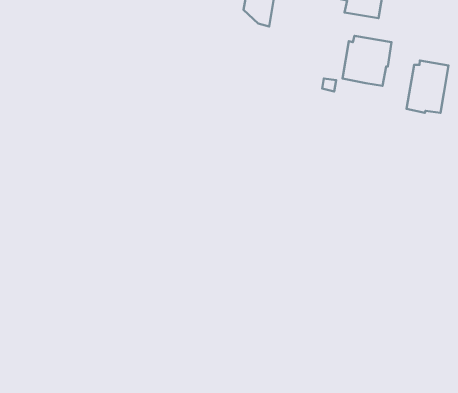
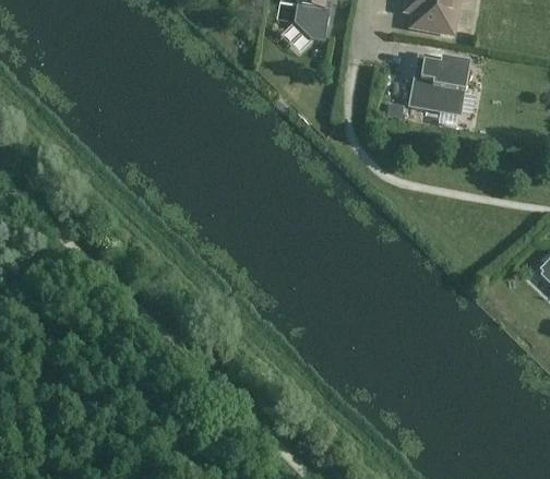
building: [406,60,448,113] -> none

